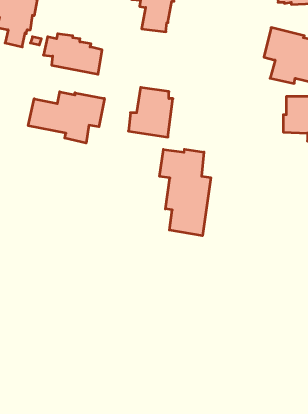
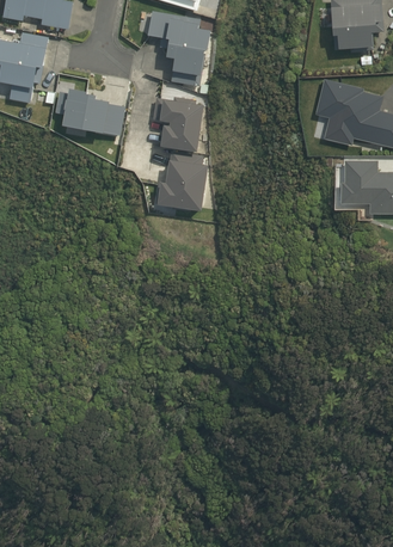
building: none -> [152,96,204,149]
building: [28,92,104,143] -> none
building: [160,149,211,236] -> none

